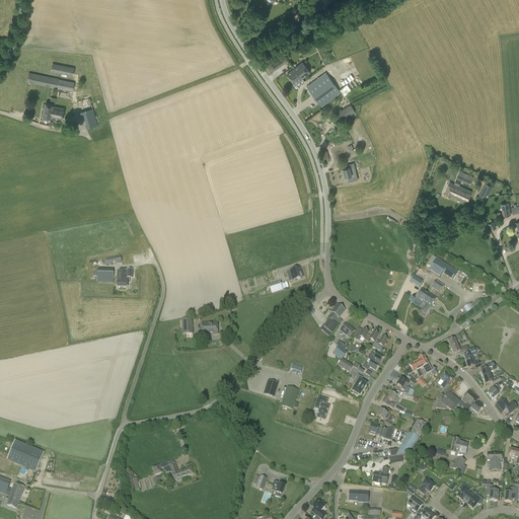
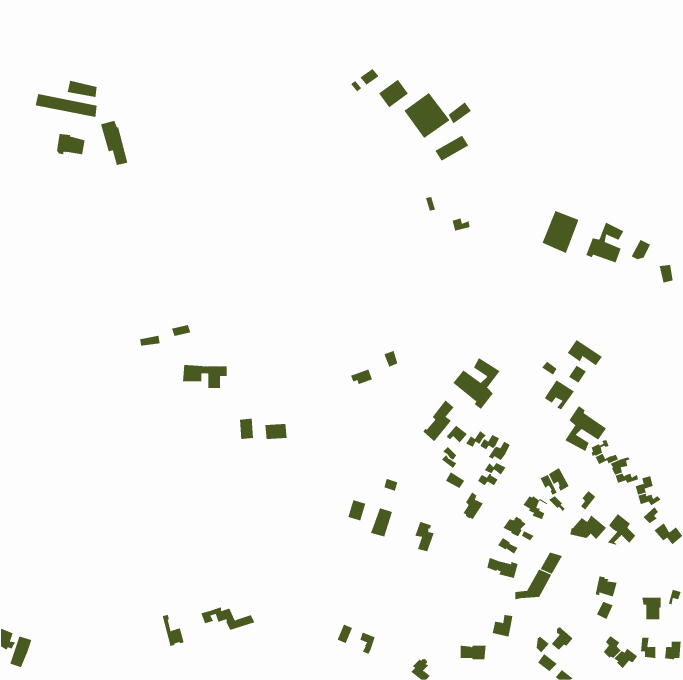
building: none -> [542,210,579,254]
building: [97,268,132,286] -> [182,365,228,389]
building: none -> [453,357,500,410]
building: none -> [565,405,607,452]
building: [6,438,44,470] -> none

